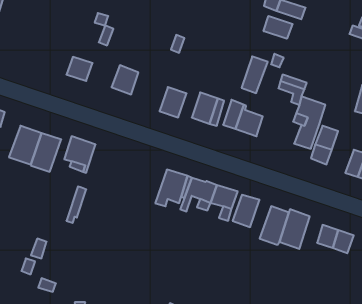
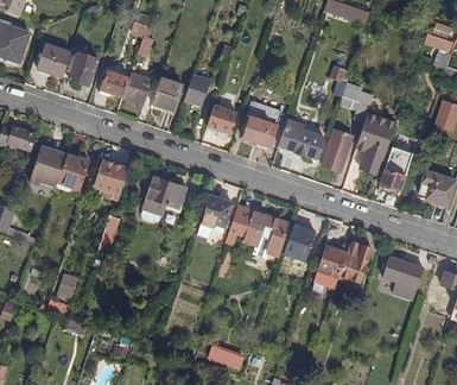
building: [264,16,293,39] -> none
building: none -> [36,43,70,75]
building: none -> [68,52,97,84]
building: [242,56,268,93] -> [322,131,351,172]
building: none -> [121,70,151,102]
building: none -> [183,74,210,105]
building: none -> [146,173,191,226]

